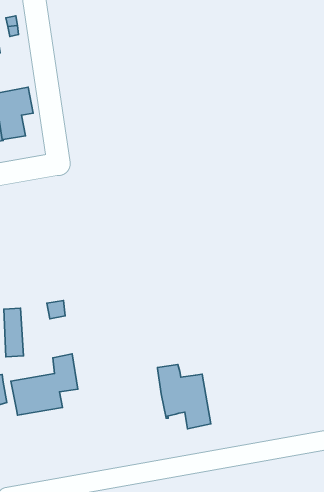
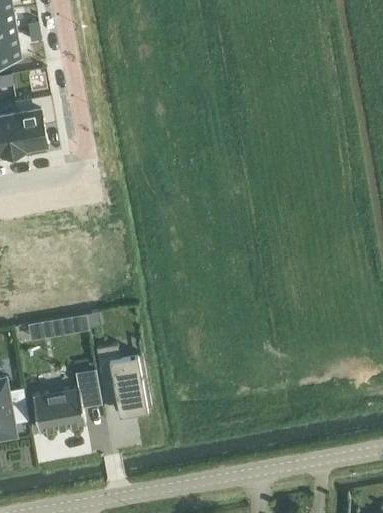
building: [157,365,211,429] -> [96,346,151,412]

